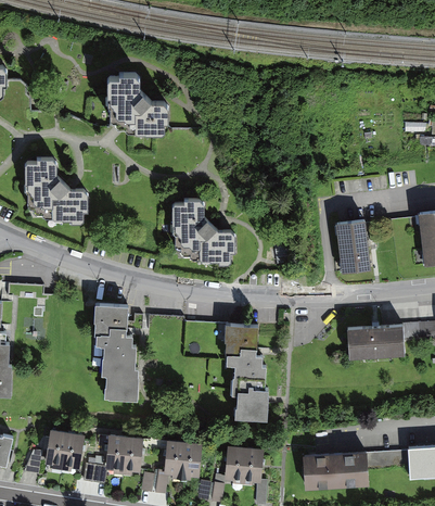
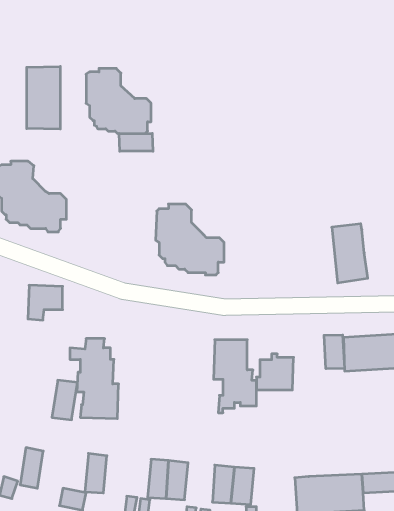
building: none -> [27,66,60,129]
building: none -> [119,133,153,151]
building: [92,303,125,336] -> [28,285,63,320]
building: none -> [324,335,344,369]
building: [232,385,267,419] -> [256,354,294,390]
building: [62,431,86,468] -> [52,380,77,420]
building: [124,435,144,471] -> none

